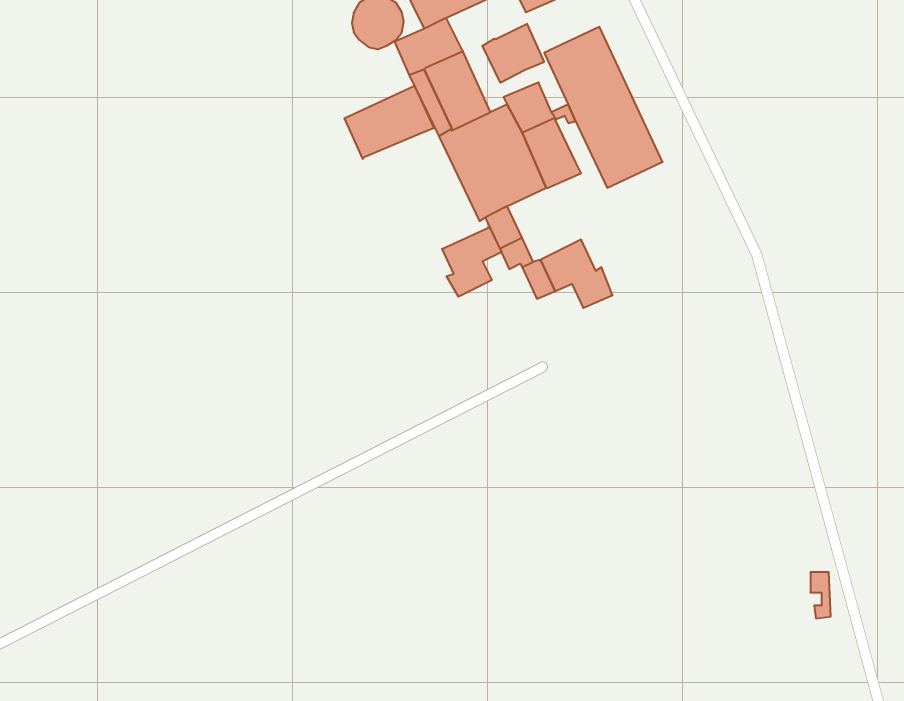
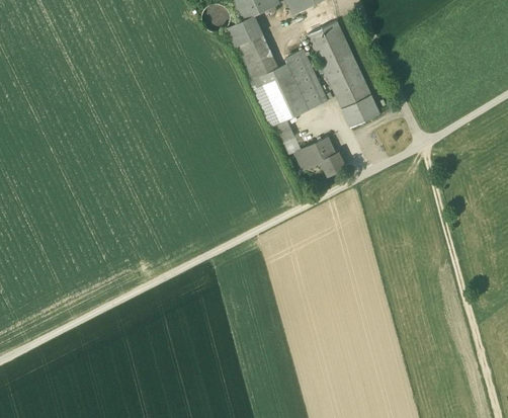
building: [482,24,544,83] -> none
building: [344,86,434,159] -> none
building: none -> [341,94,379,127]
building: [442,227,501,297] -> none

